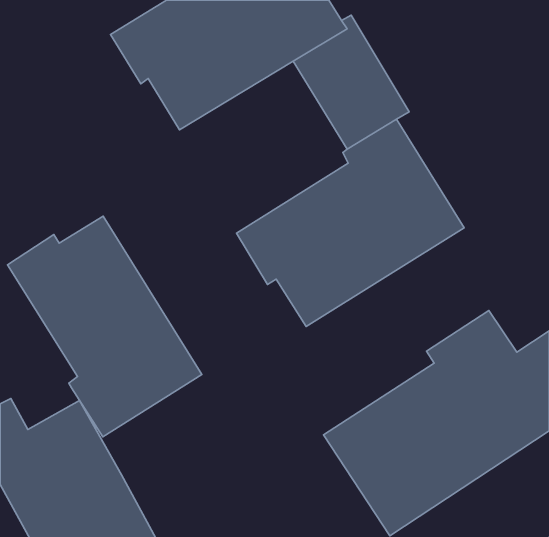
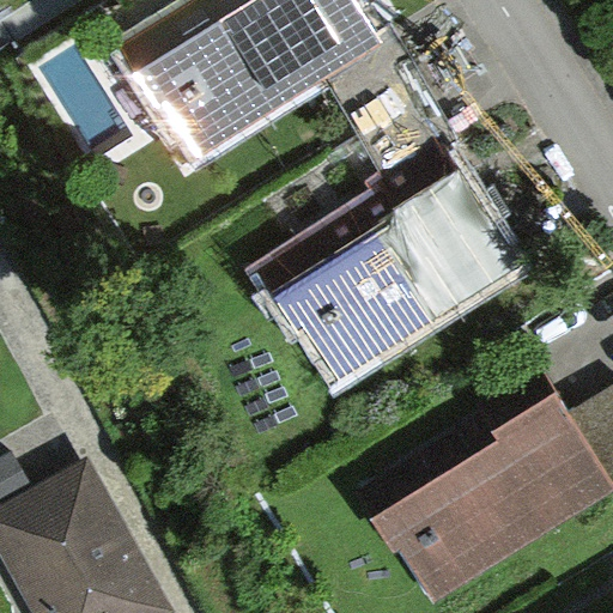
building: [8,216,202,437] -> none

